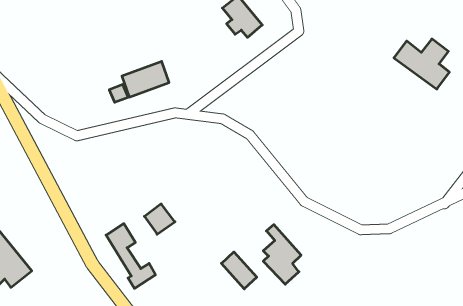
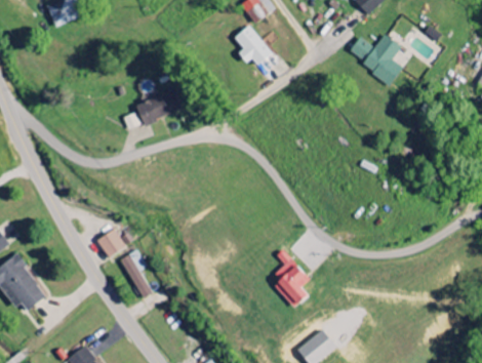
building: [394,39,449,89] -> [349,34,403,83]
building: [144,204,175,234] -> [96,228,126,257]
building: [221,252,257,289] -> none

